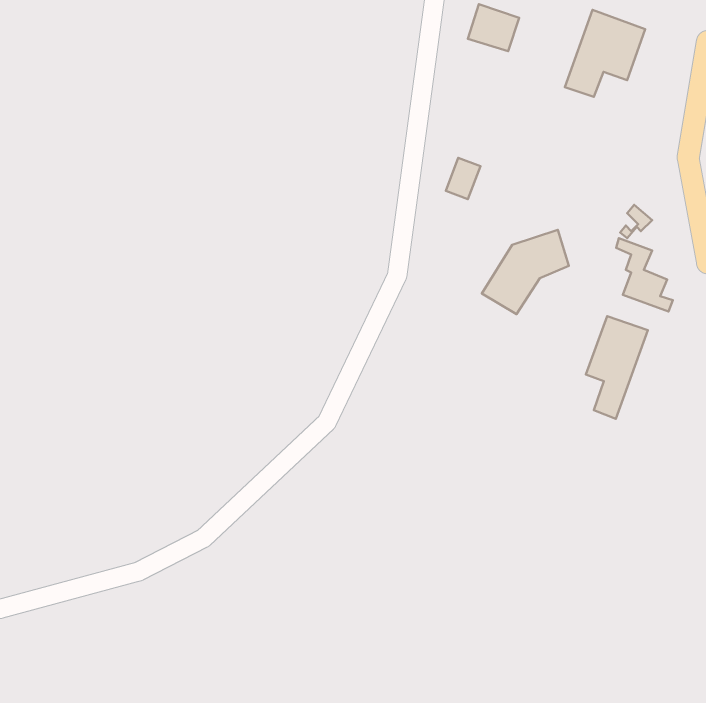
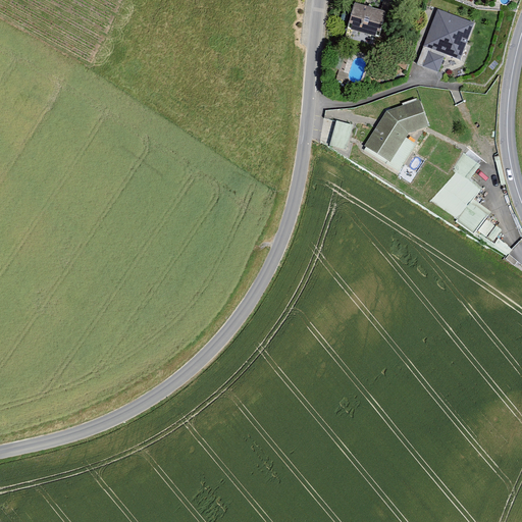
building: [482,230,569,314] -> [363,100,427,162]
building: [586,316,648,419] -> none

